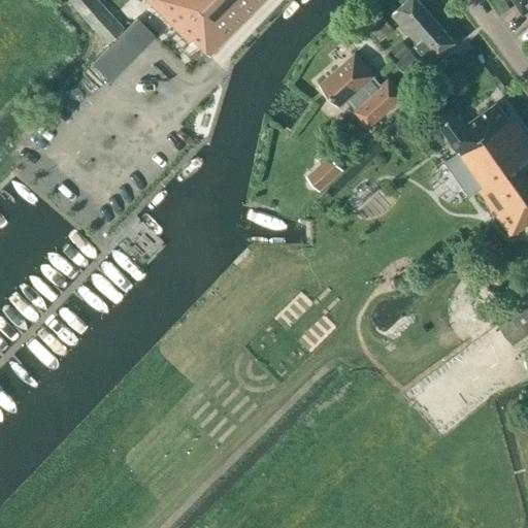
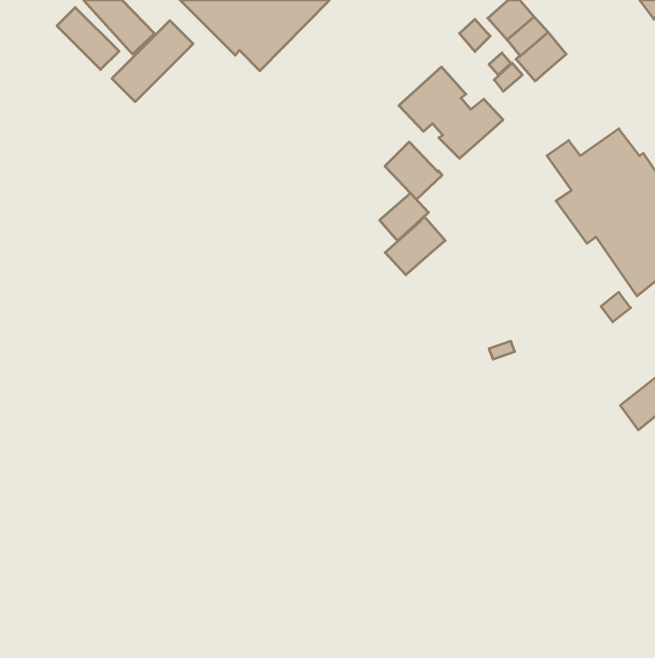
building: none -> [57,7,119,70]
building: none -> [385,142,442,199]
building: none -> [385,217,445,275]

